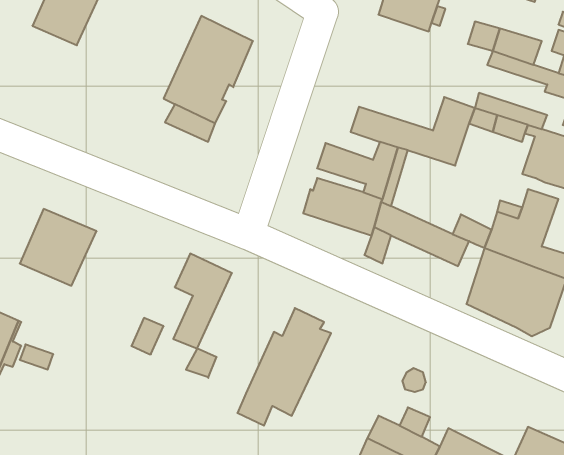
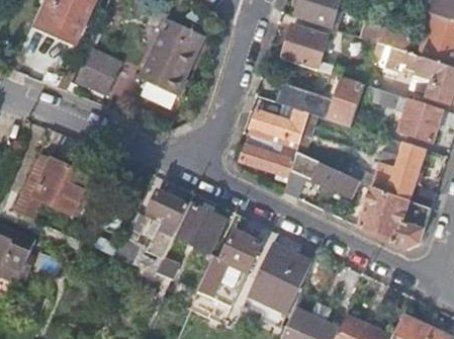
building: none -> [283,25,333,73]
building: none -> [74,49,116,93]
building: none -> [174,202,224,251]
building: none -> [248,243,311,314]

